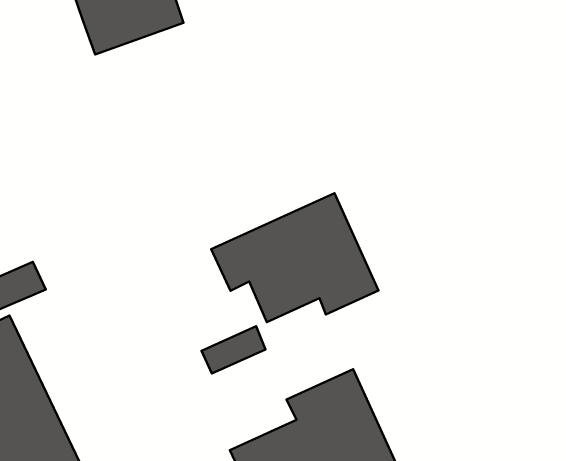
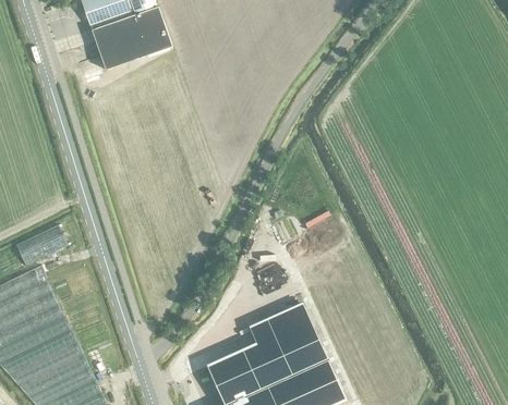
building: [211,193,379,322] -> none
building: [202,326,266,373] -> none

